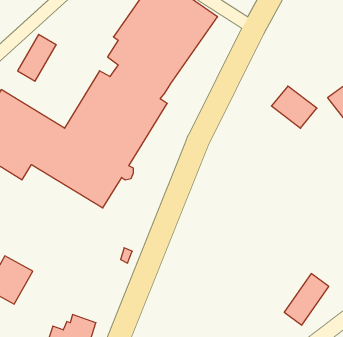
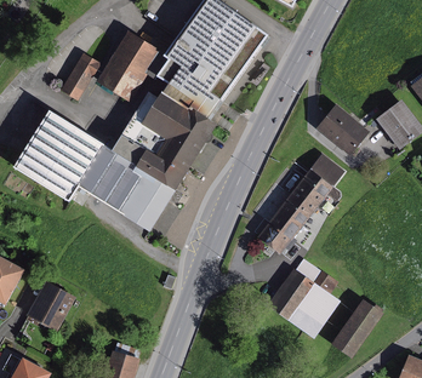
building: none -> [92,30,153,102]
building: none -> [261,154,342,248]
building: none -> [270,257,336,332]

